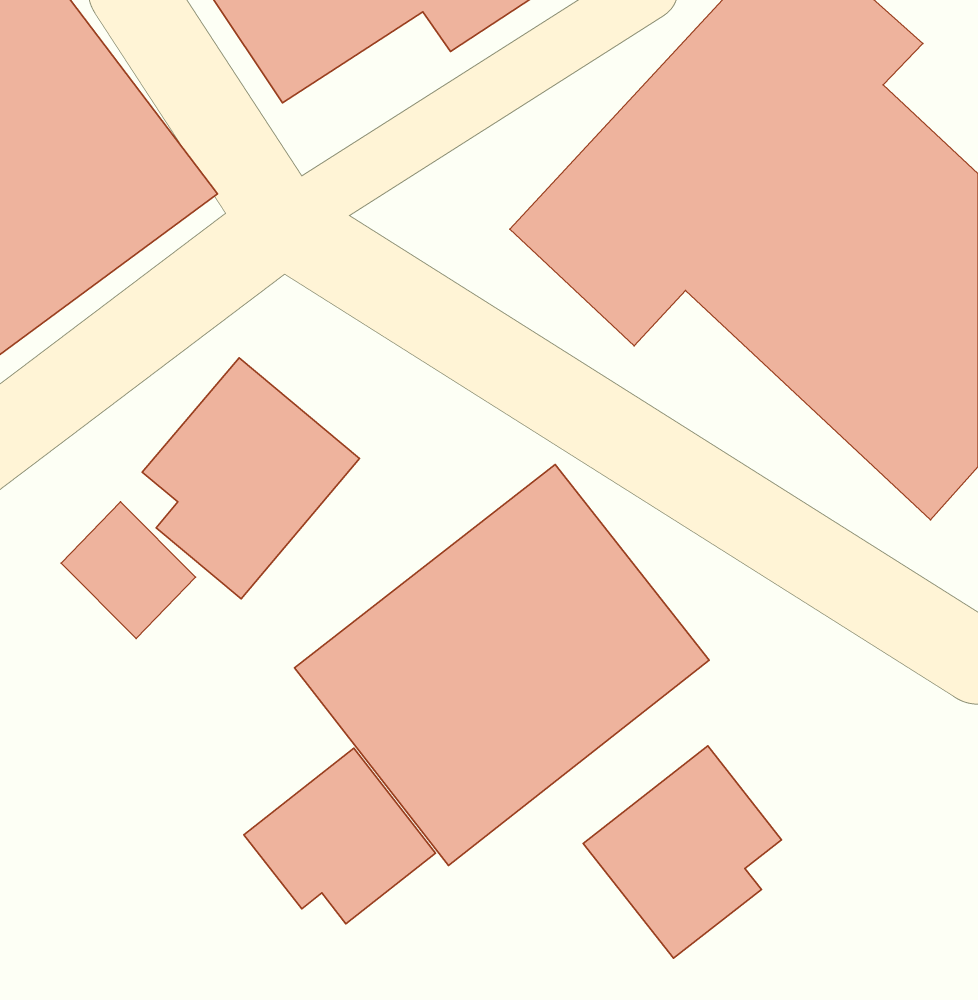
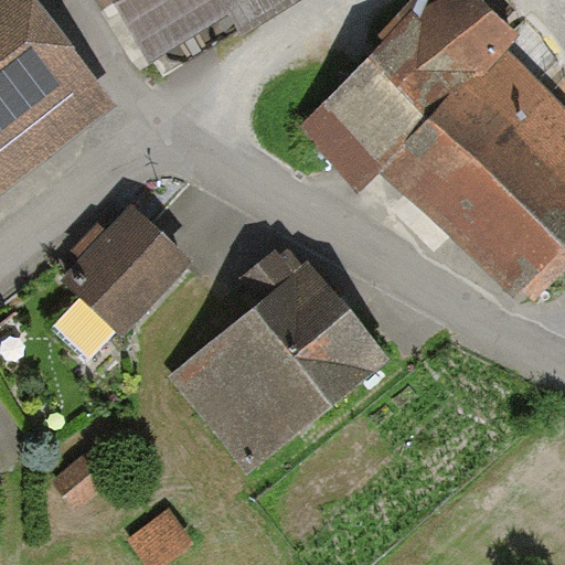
building: [583,746,782,958] -> none
building: [244,748,436,924] -> none

